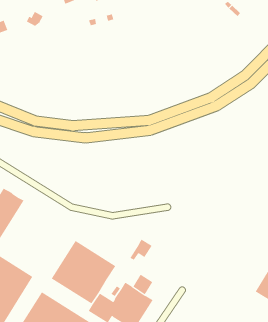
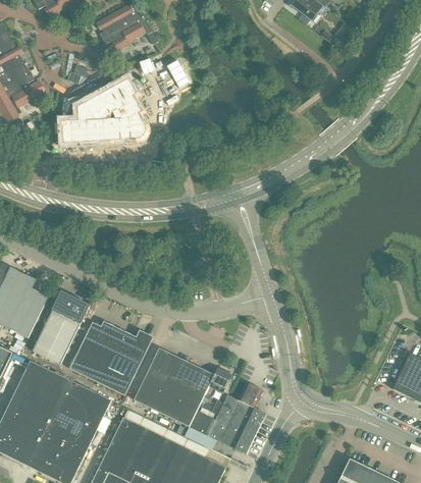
building: none -> [61,78,145,143]
building: none -> [68,321,152,394]
building: [130,239,153,261] -> [204,368,231,396]

